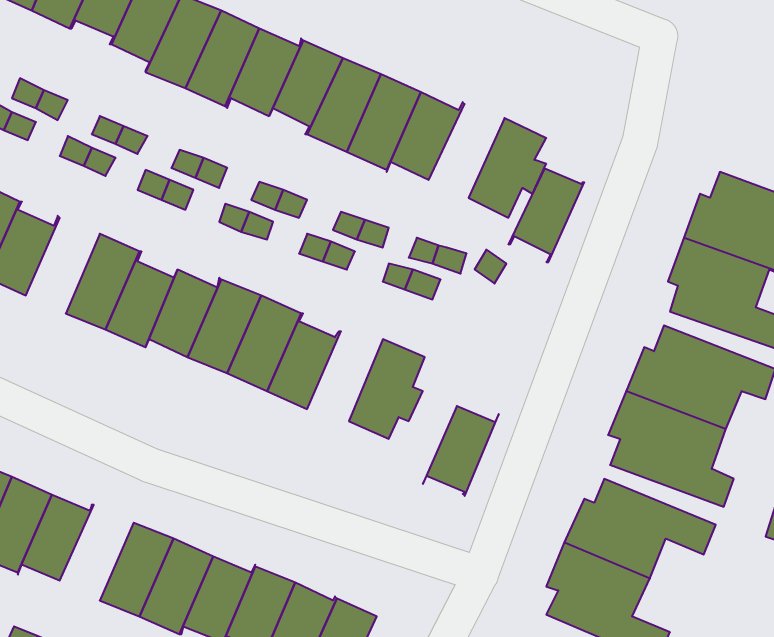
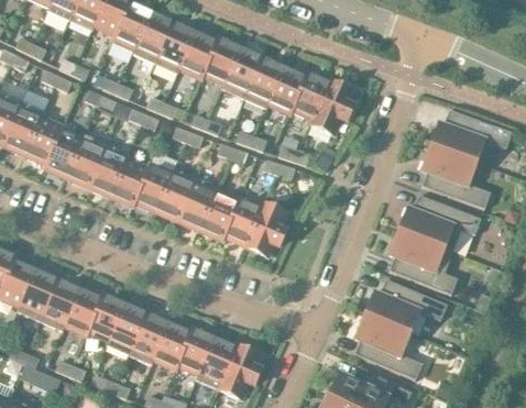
building: [508,168,584,262] -> [288,71,330,123]
building: none -> [66,134,107,187]
building: [423,406,499,496] -> [221,197,263,246]
building: none -> [85,293,125,345]

